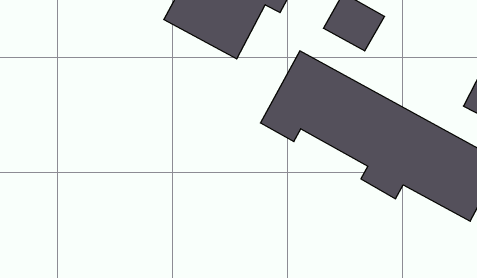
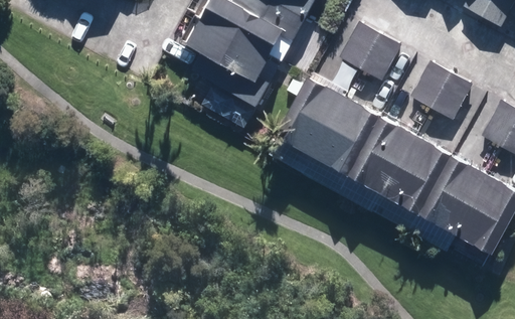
building: none -> [410,59,473,118]

